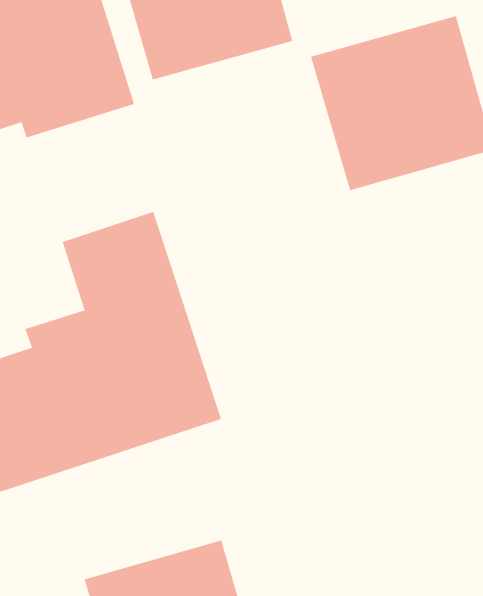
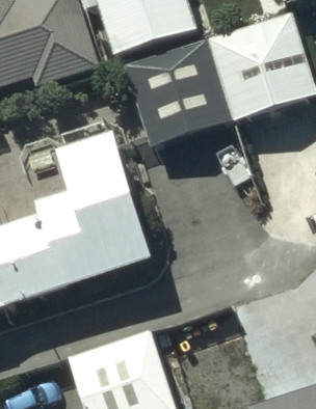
building: none -> [125,36,231,143]

